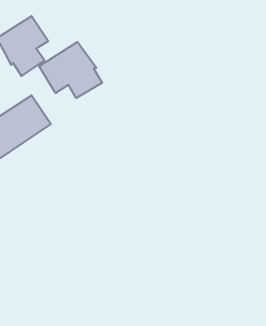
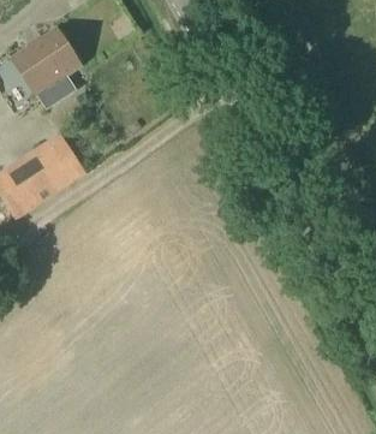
building: [39,42,102,98] -> none

